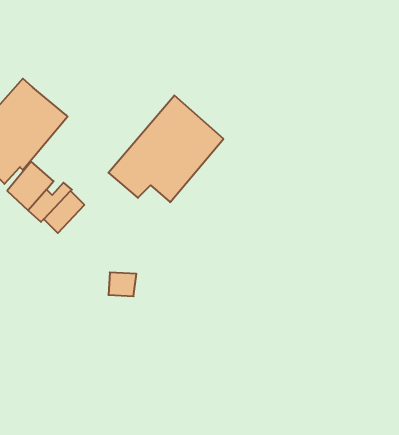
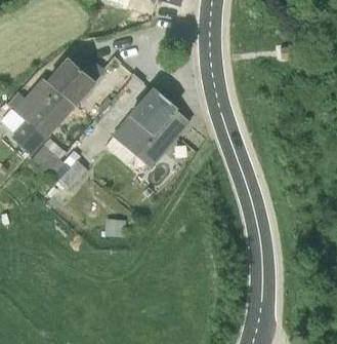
building: none -> [49,55,104,104]

